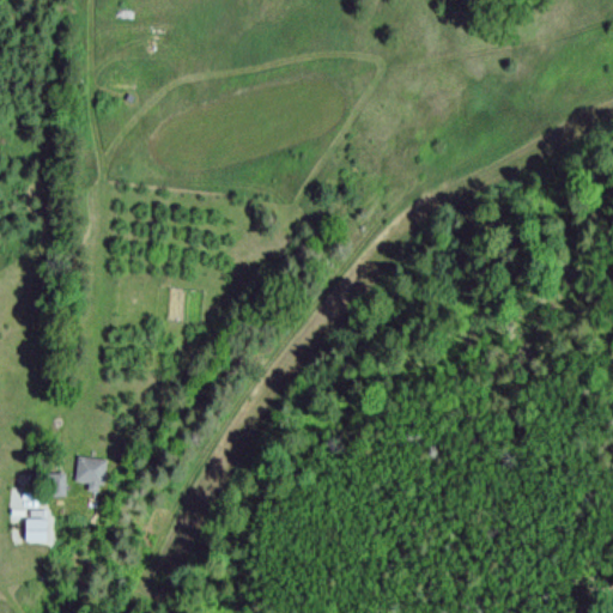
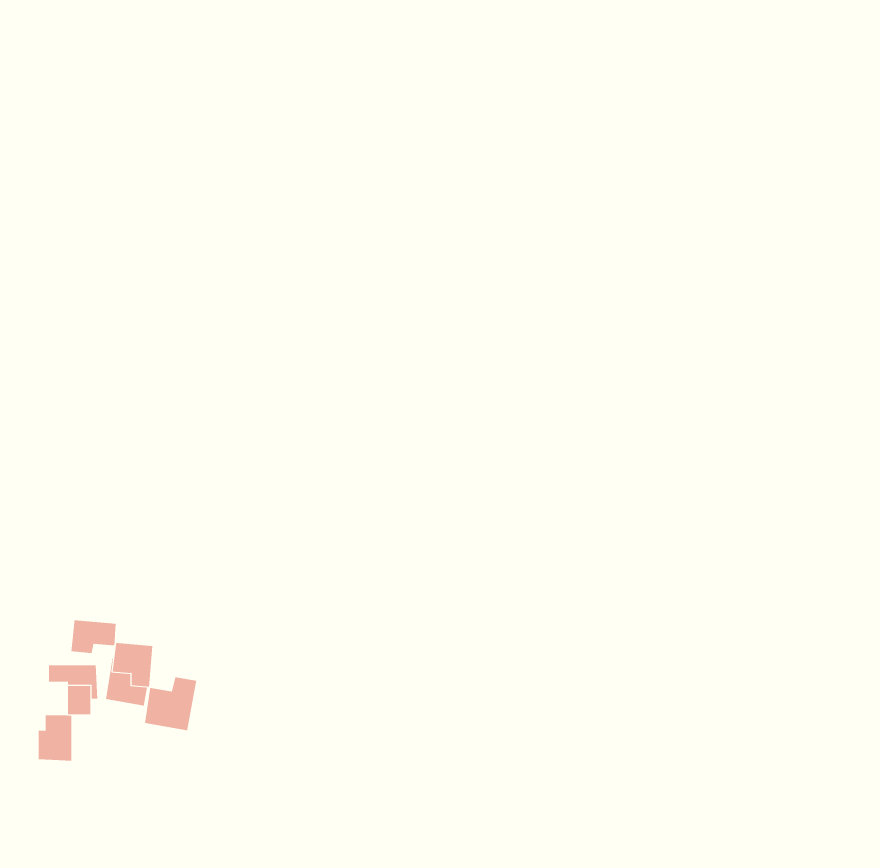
building: none -> [71,619,116,654]
building: none -> [144,676,197,731]

